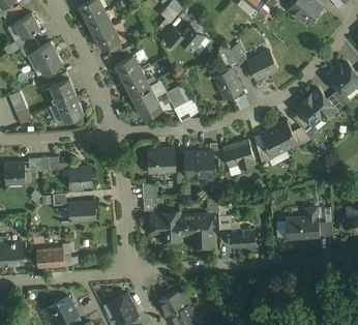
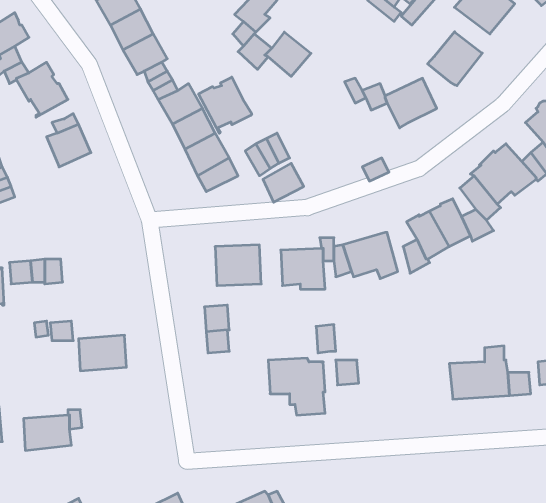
building: none -> [428,32,482,86]
building: none -> [199,77,252,133]
building: [218,67,242,98] -> none
building: [57,94,83,120] -> none
building: [69,167,92,186] -> none
building: [150,211,180,241] -> none
building: [231,228,255,247] -> none

